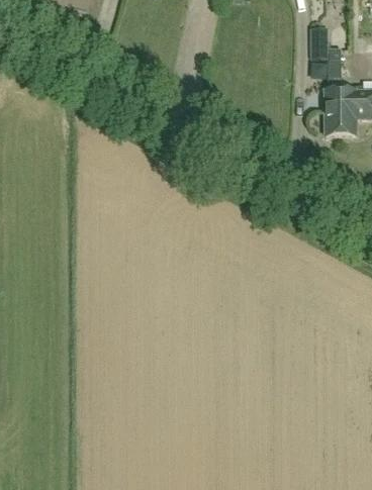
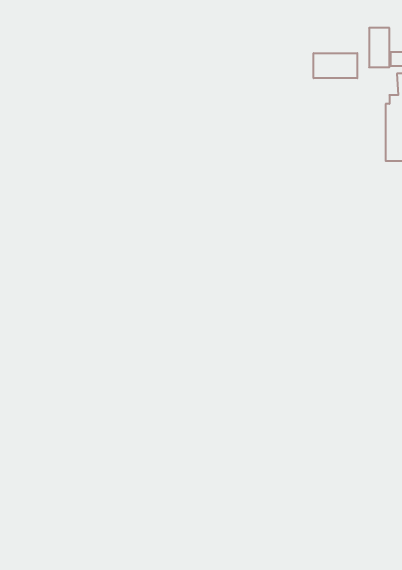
building: none -> [314,53,357,78]

